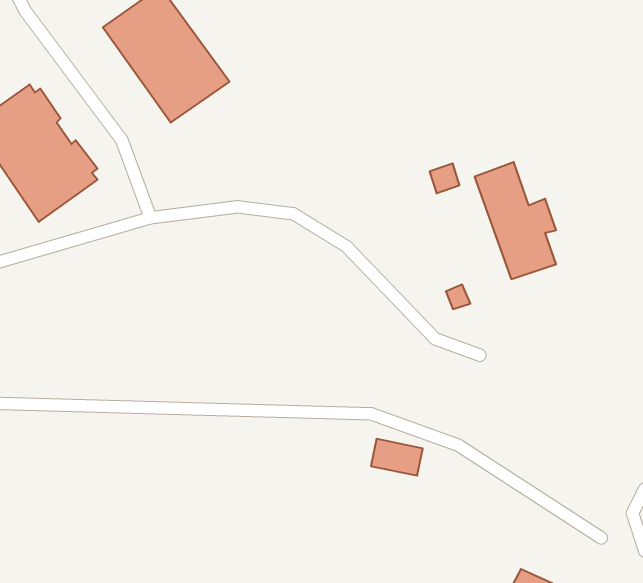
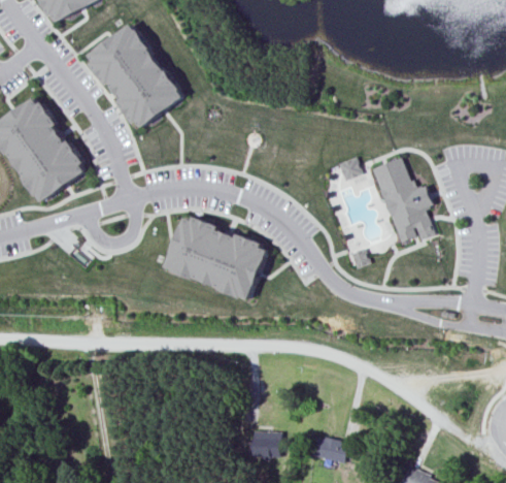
building: none -> [164,217,267,300]
building: [371,439,423,476] -> [305,436,344,463]
building: none -> [248,432,275,457]

